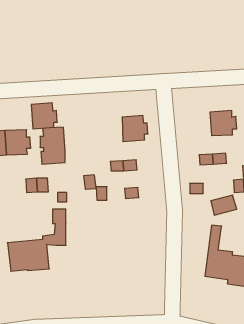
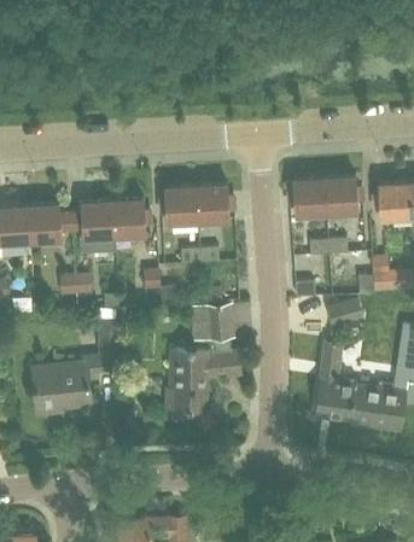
building: [31,103,57,129] -> [112,199,150,237]
building: none -> [287,180,326,216]
building: none -> [161,187,198,225]
building: none -> [170,305,241,410]

